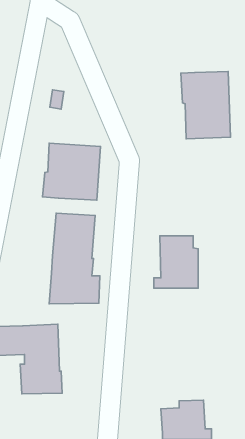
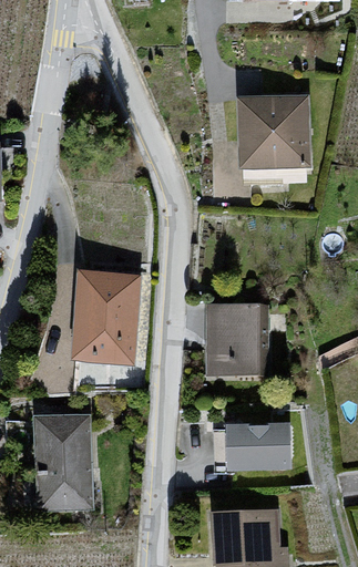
building: [43,143,101,200] -> none
building: none -> [217,423,285,462]

